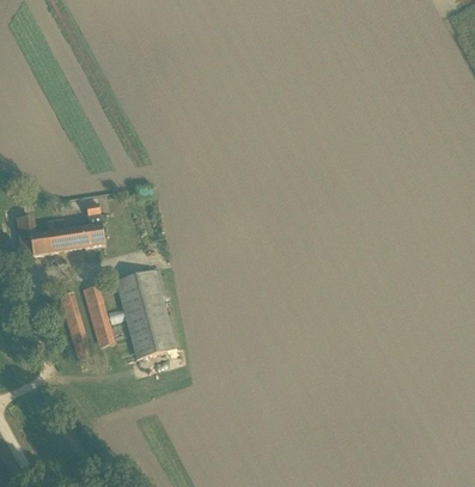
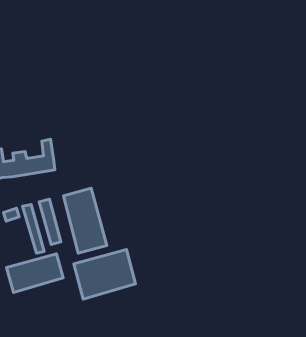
building: none -> [74,250,135,299]
building: none -> [6,254,63,293]

